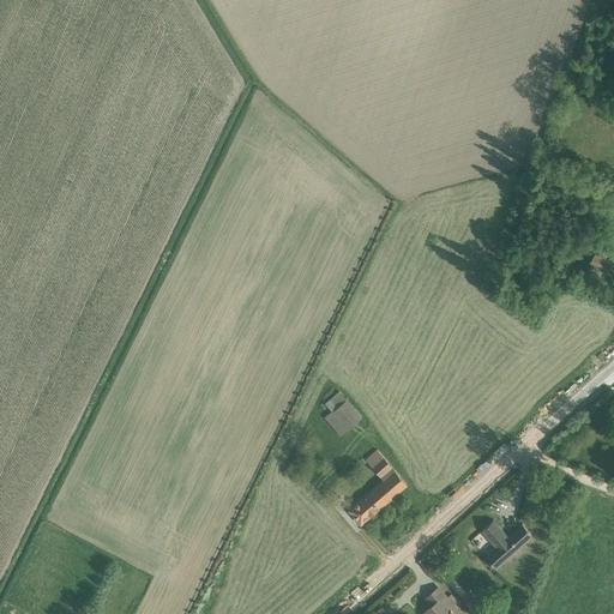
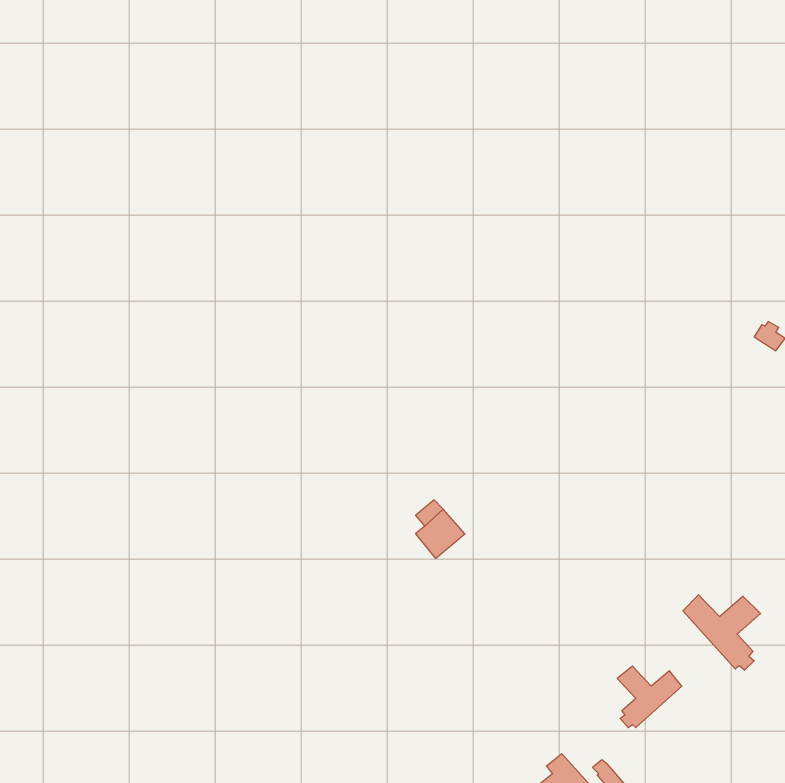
building: [348,451,405,525] -> none
building: none -> [683,595,761,670]

